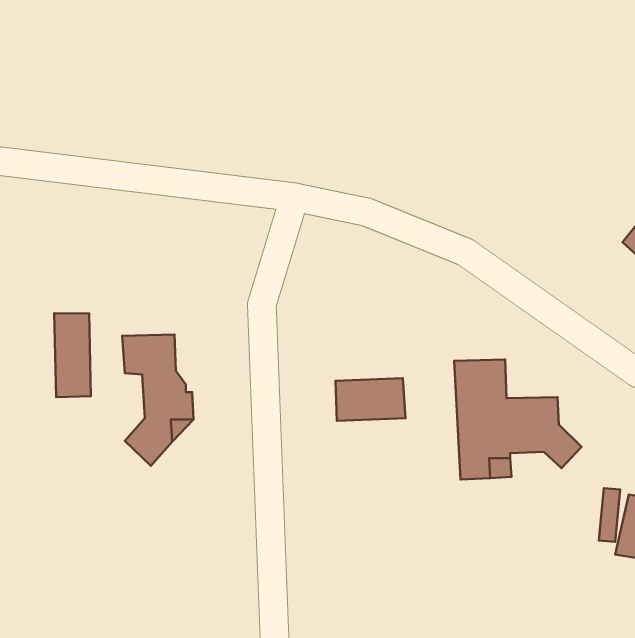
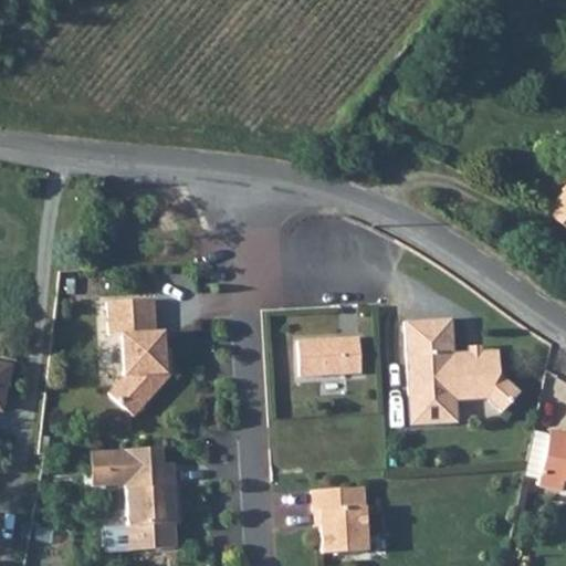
building: [54,313,91,397] -> none
building: none -> [88,447,178,553]
building: none -> [314,489,367,553]

